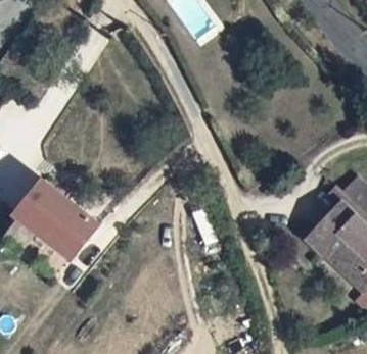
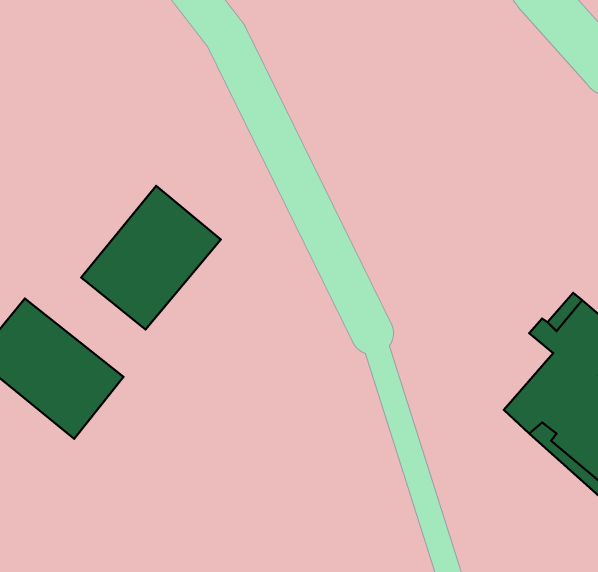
building: none -> [81,186,221,330]

